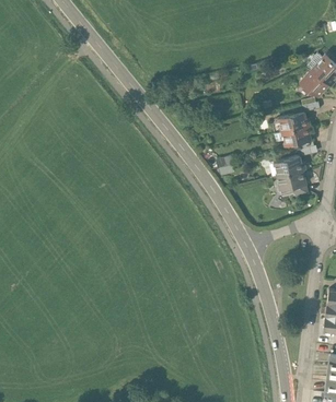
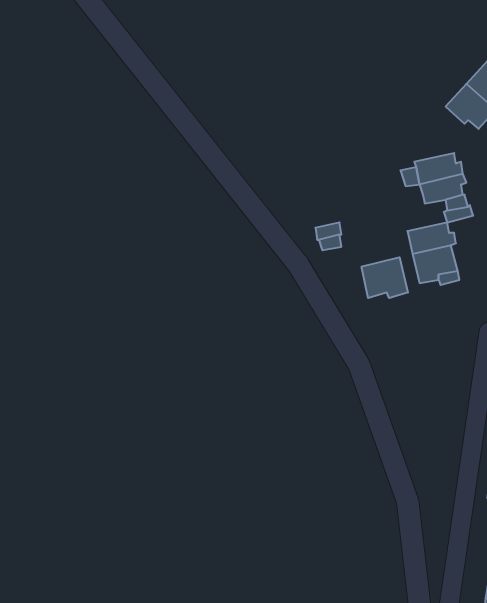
building: none -> [362,257,408,298]

